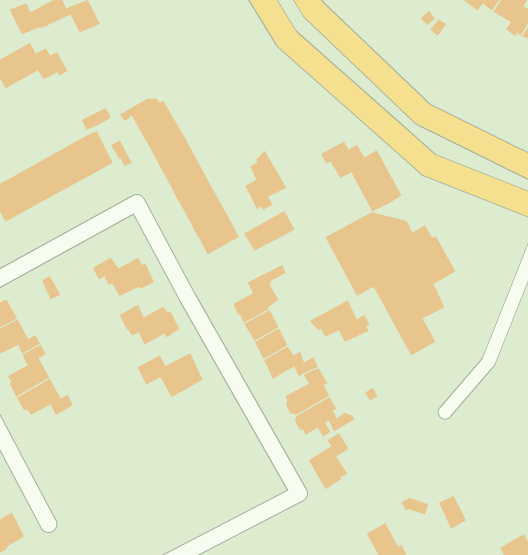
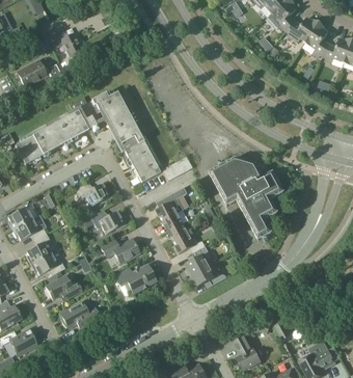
building: [321,141,403,212] -> none
building: [245,150,287,211] -> none
building: [309,300,370,343] -> none
building: none -> [113,266,155,293]
building: none -> [45,273,82,299]
building: [308,432,349,490] -> none
building: none -> [59,300,101,328]

